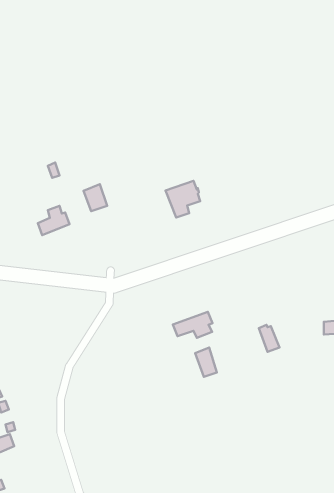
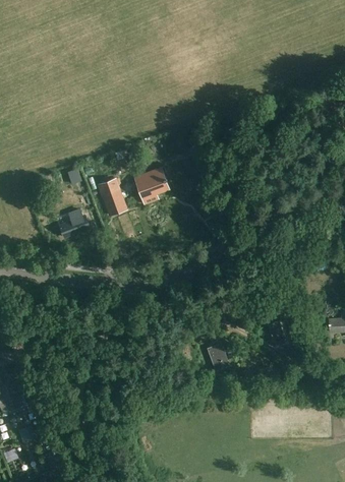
building: [165,181,200,218] -> [134,169,167,203]
building: [173,312,212,338] -> none

